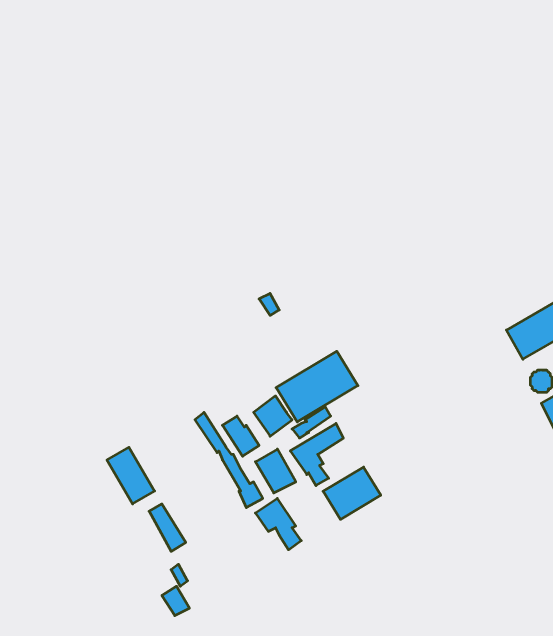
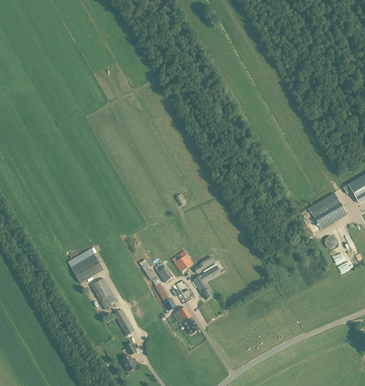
building: [276,351,358,422] -> none
building: none -> [68,247,103,282]
building: [323,467,381,519] -> none

